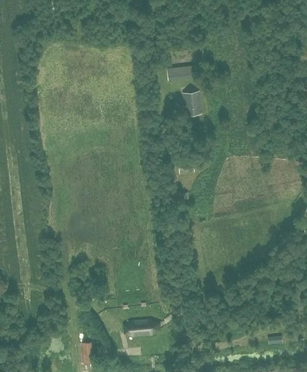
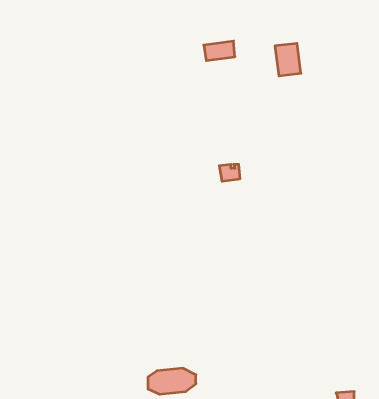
building: [184,93,204,118] -> [275,43,301,76]

